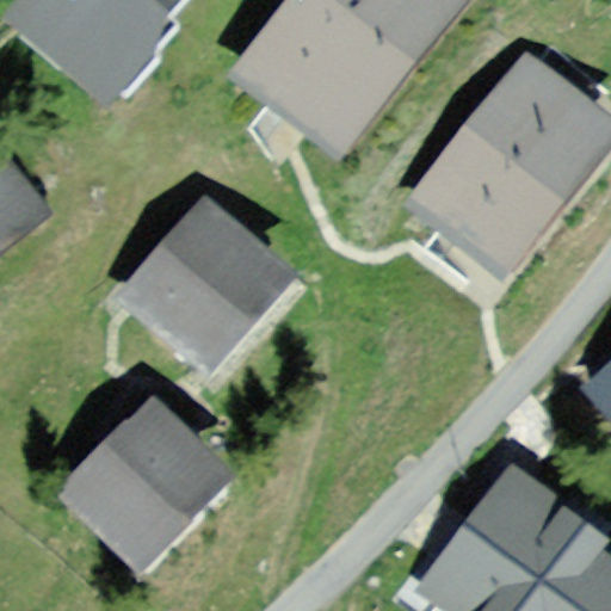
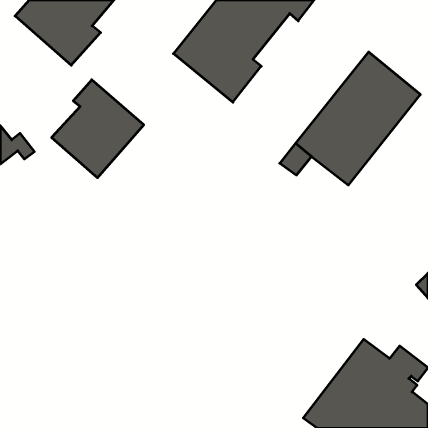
building: [140,218,271,358] -> [52,80,144,178]
building: [70,425,210,554] -> none

